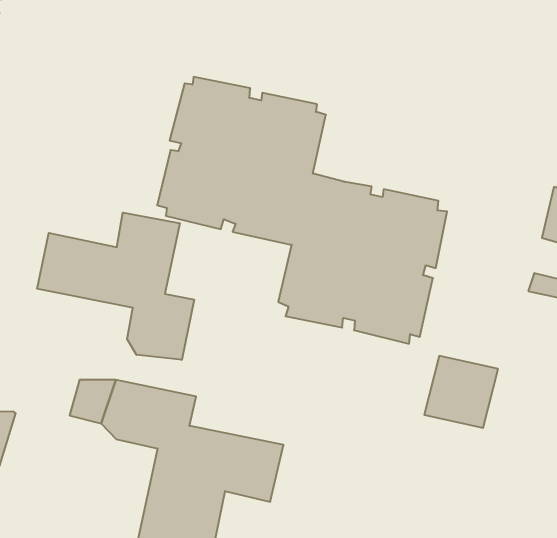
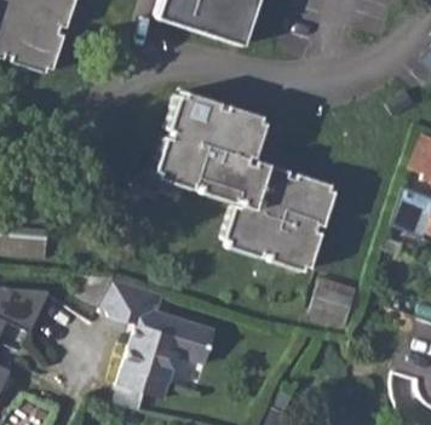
building: [37,213,194,360] -> none

